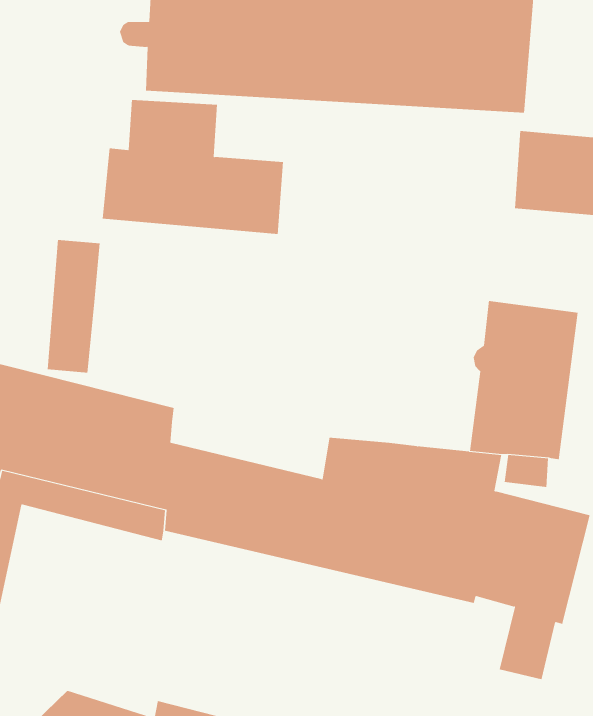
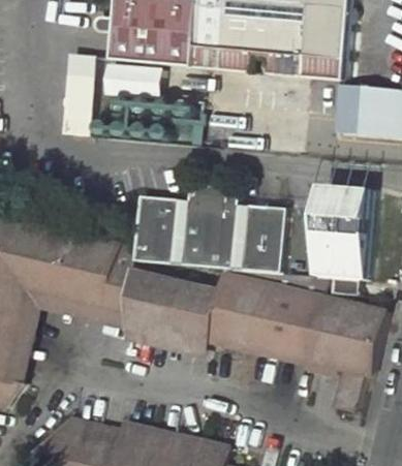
building: [47,240,100,373] -> [64,56,96,135]
building: none -> [131,183,284,271]

